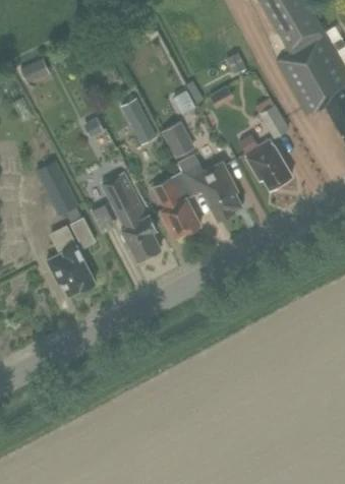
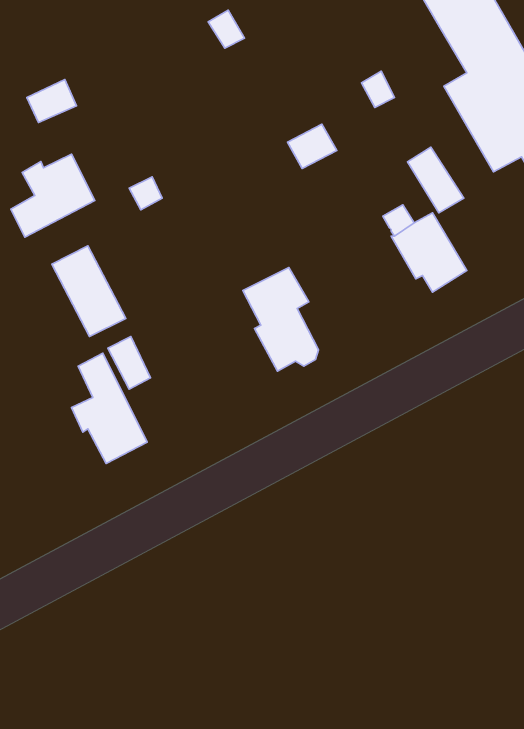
building: [120,98,155,141] -> none
building: none -> [11,154,95,237]
building: [160,121,193,157] -> none
building: [177,153,241,220] -> none
building: [102,172,160,260] -> none

